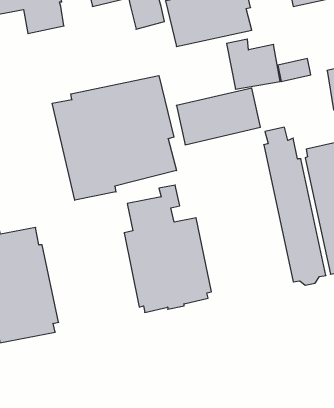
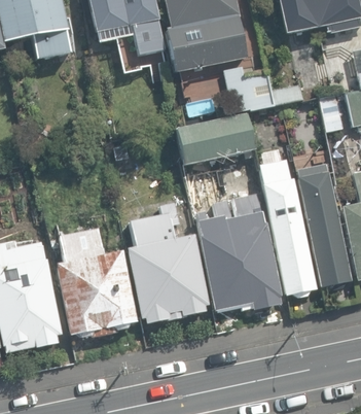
building: [52,76,176,200] -> none
building: none -> [195,195,282,312]
building: none -> [55,228,138,338]

